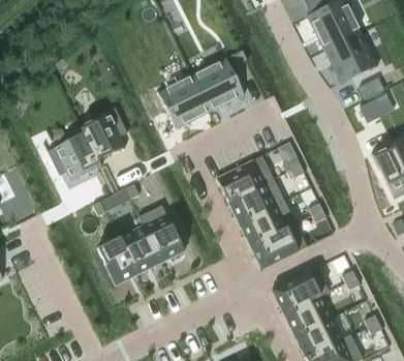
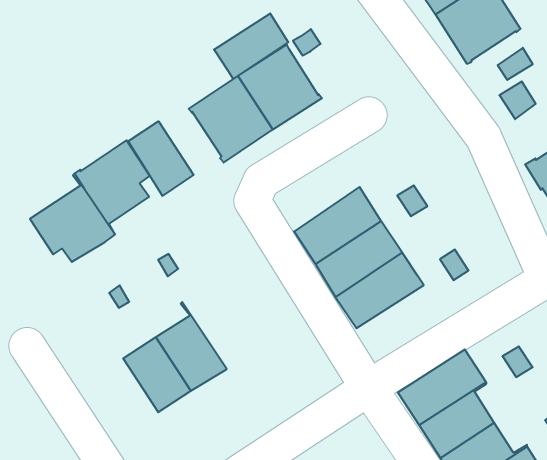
building: none -> [214,13,288,79]
building: none -> [128,121,194,196]
building: [138,205,184,263] -> none
building: [249,223,307,270] -> none

